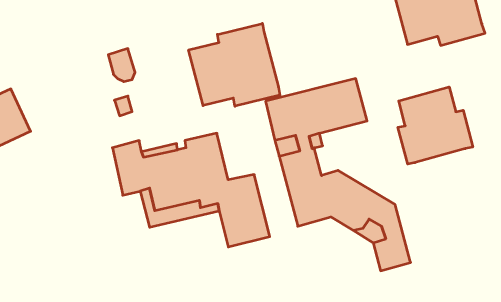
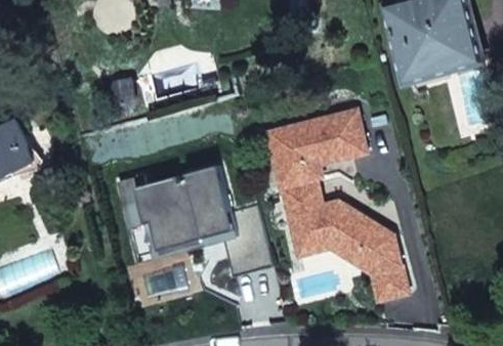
building: [189,23,280,106] -> none
building: [398,87,473,164] -> none

